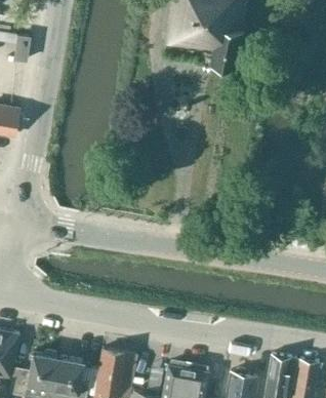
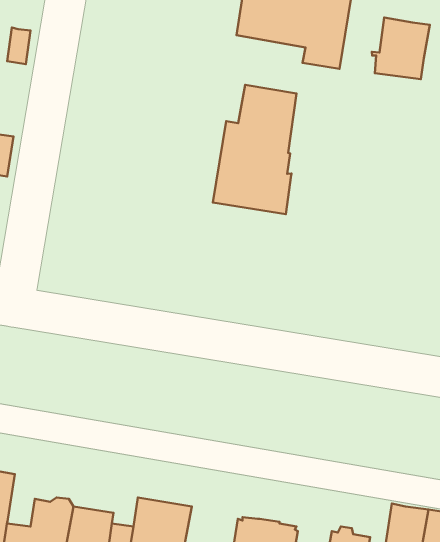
building: none -> [372,18,430,79]
building: none -> [213,85,296,214]

